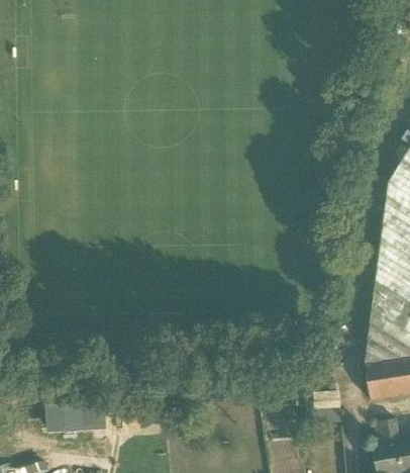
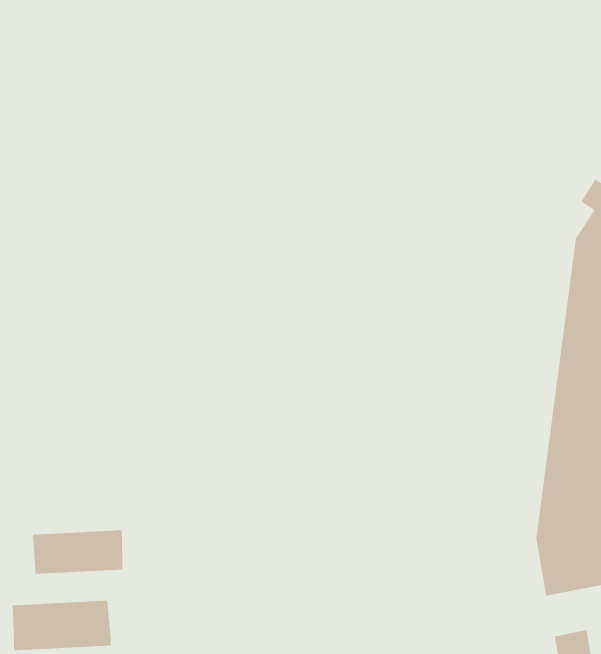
building: none -> [32,529,123,575]

